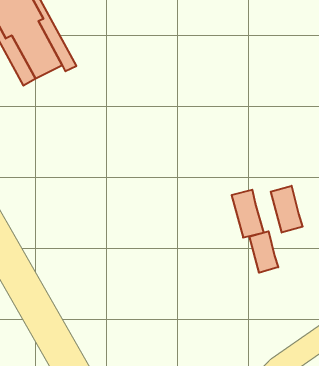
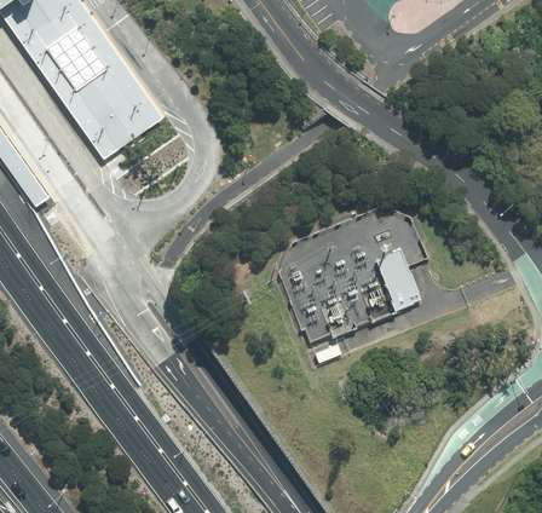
building: [271,186,303,233] -> none
building: [249,231,278,273] -> none

